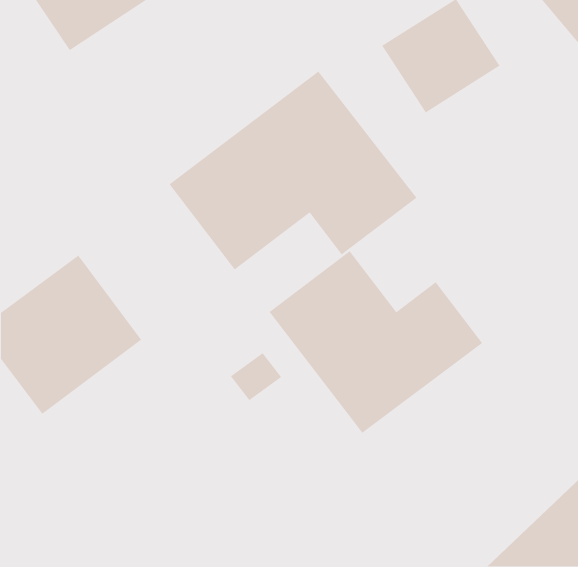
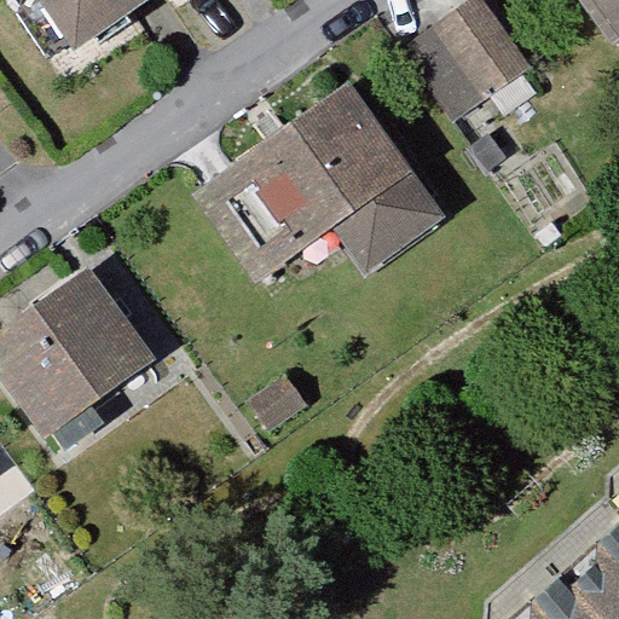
building: [269,250,483,434] -> none

